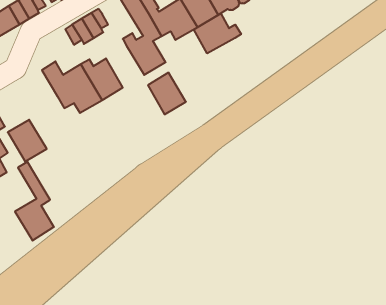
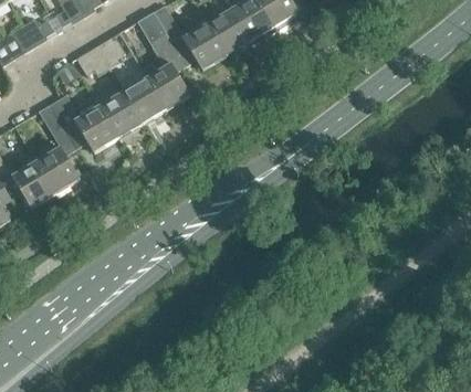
building: [194,14,241,53] -> none
building: [148,73,186,114] -> [123,76,166,124]
building: [15,162,54,241] -> [35,104,80,193]

